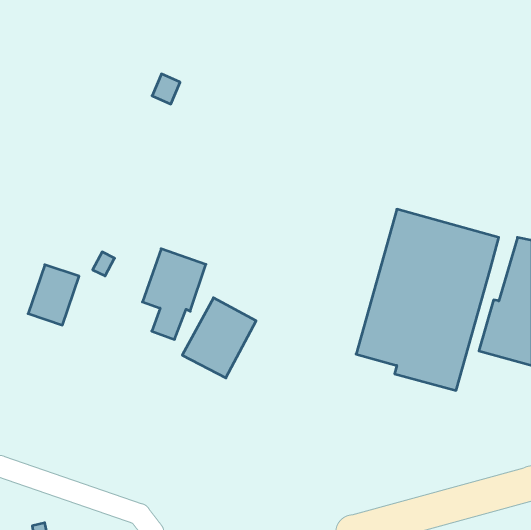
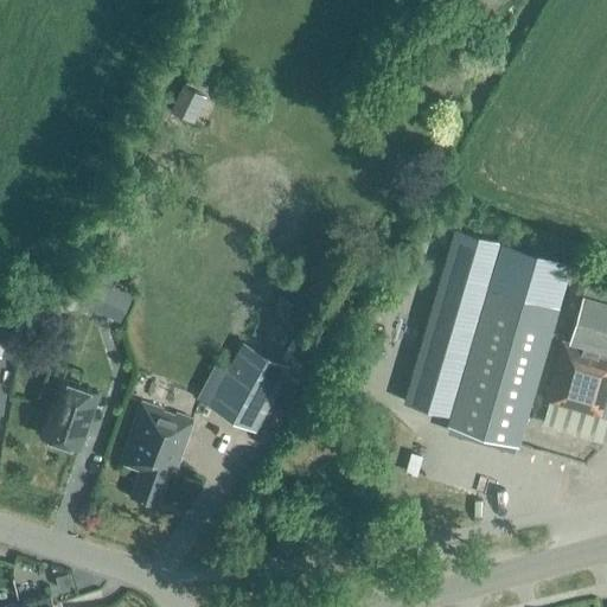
building: [142,249,206,339] -> [121,403,193,506]
building: [28,265,79,325] -> [41,382,100,451]

